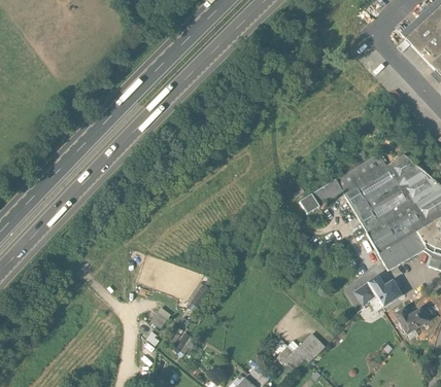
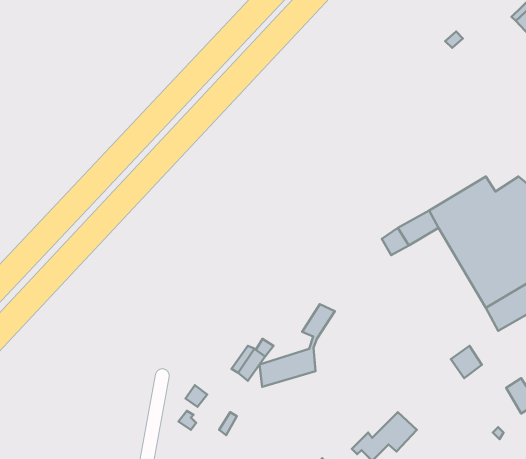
building: none -> [260,304,335,387]
building: [367,274,404,308] -> none

